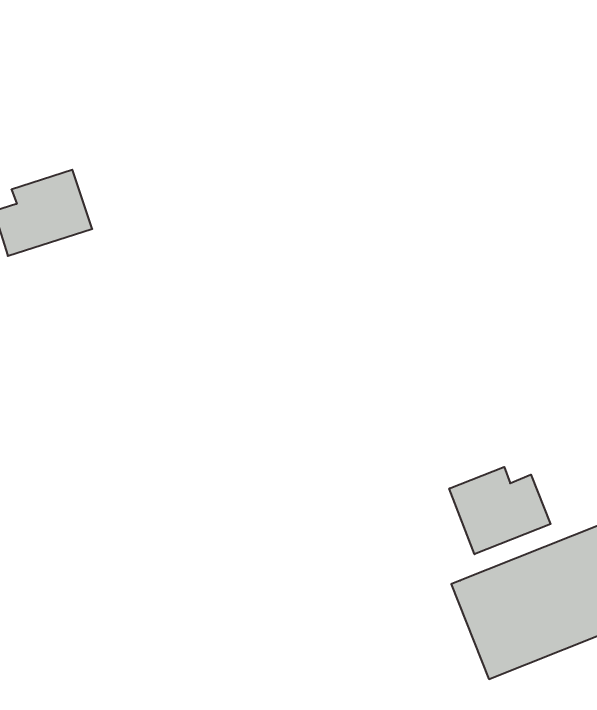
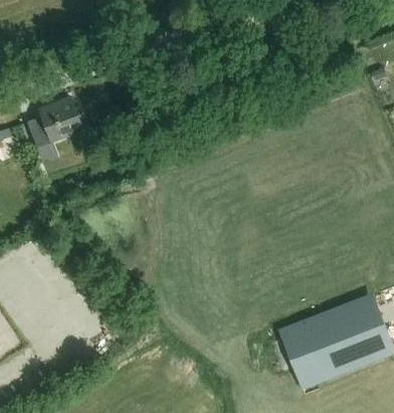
building: [449,467,551,554] -> none

